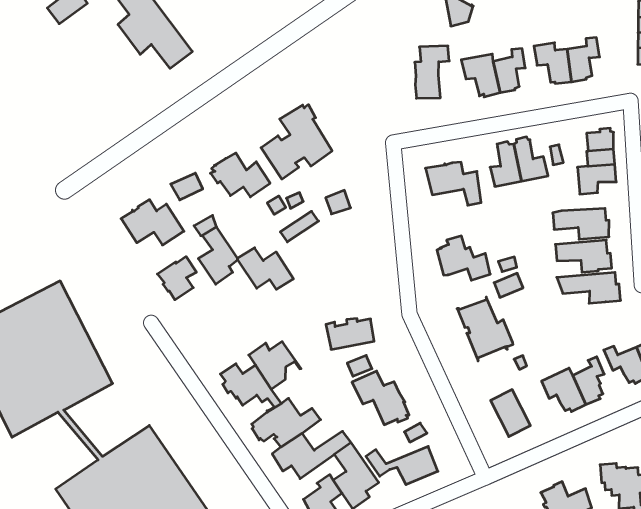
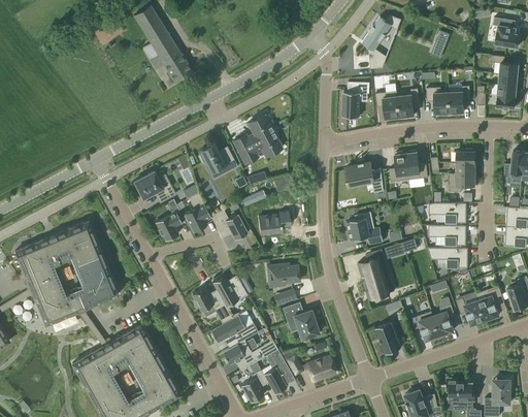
building: none -> [258,212,290,234]

